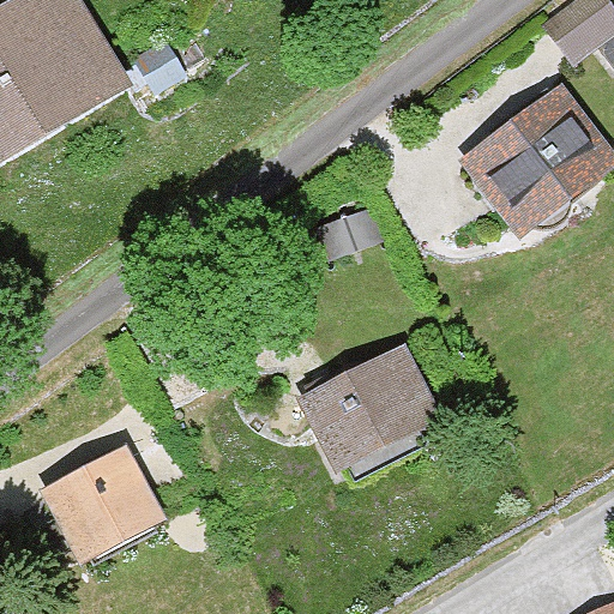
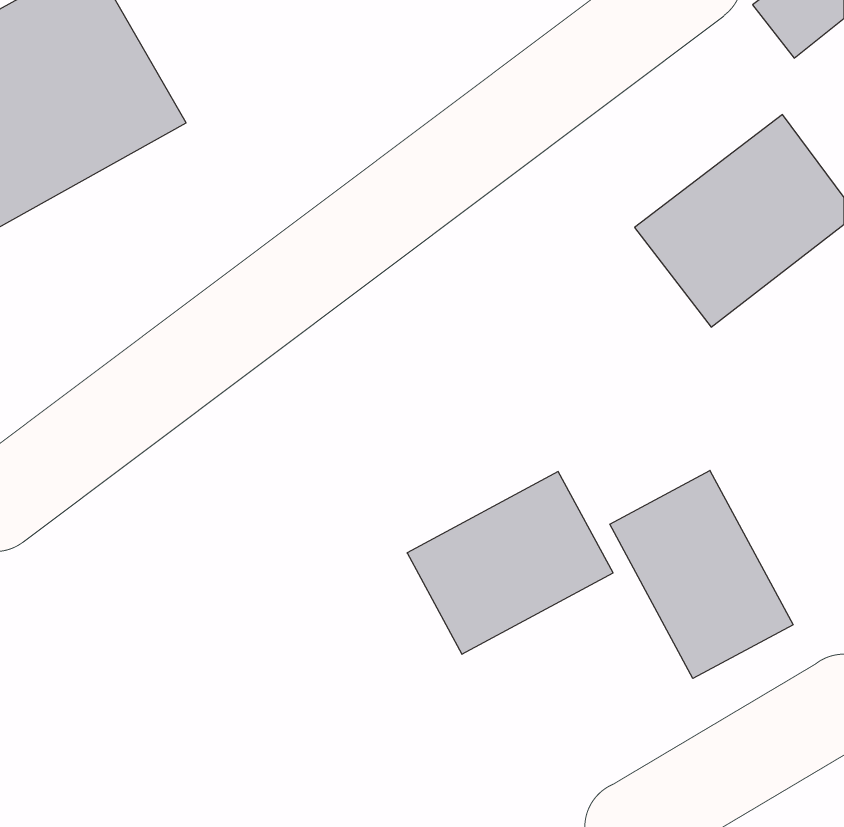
building: none -> [610,470,793,678]
building: [42,444,164,559] -> none

